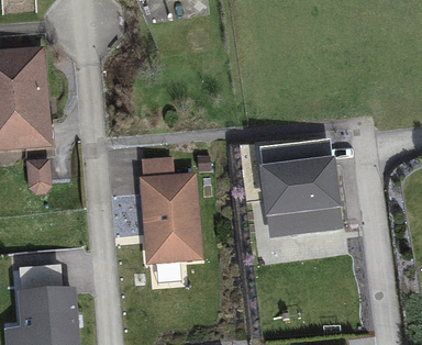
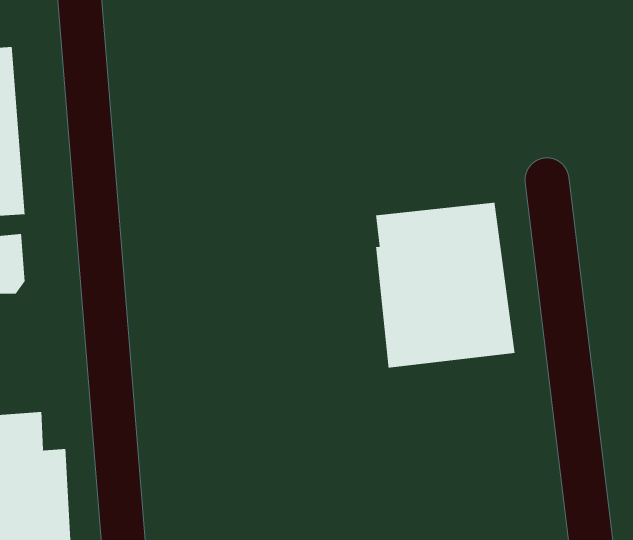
building: [138,157,202,264] -> none

